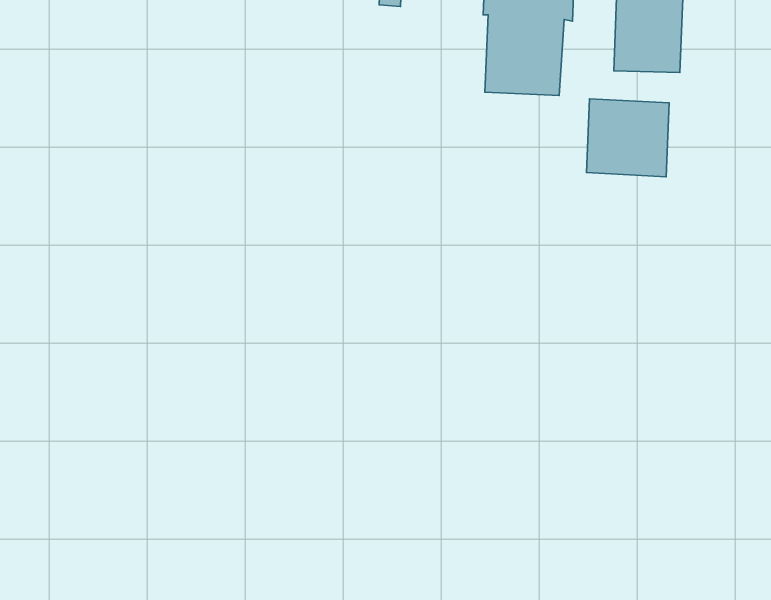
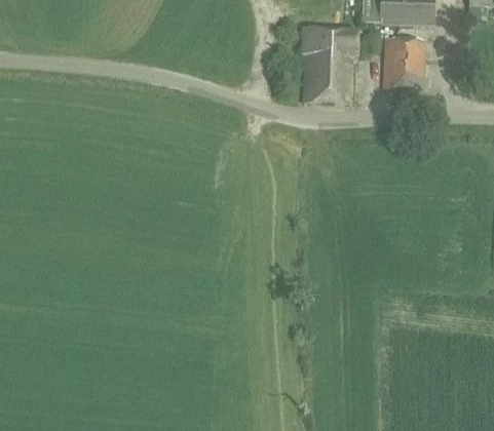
building: [587,99,669,177] -> none

